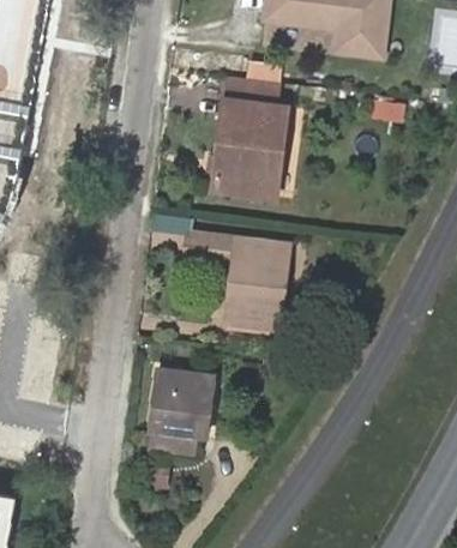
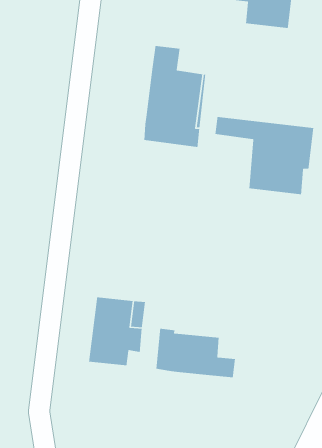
building: [184,234,300,326] -> [215,116,314,195]
building: none -> [156,328,236,378]

